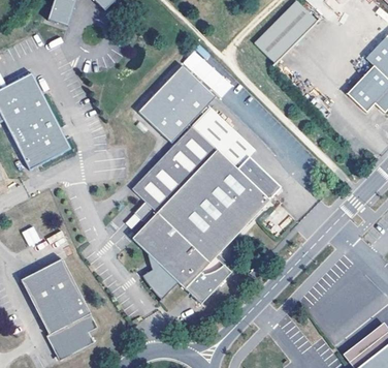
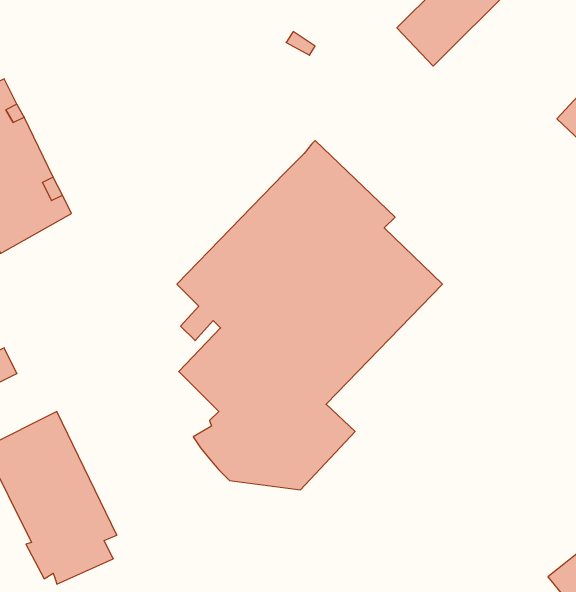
building: [136,60,213,141] -> none

